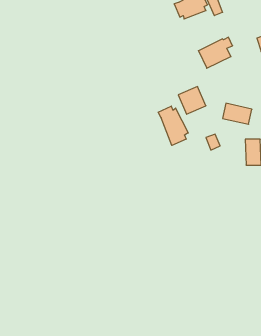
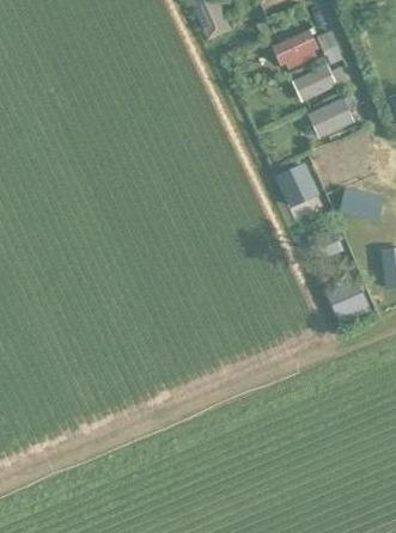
building: none -> [296,67,348,99]
building: [158,106,188,145] -> none
building: none -> [334,280,368,320]

